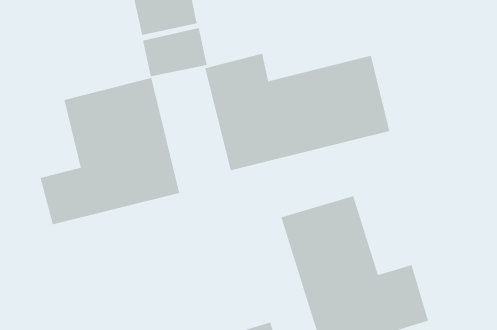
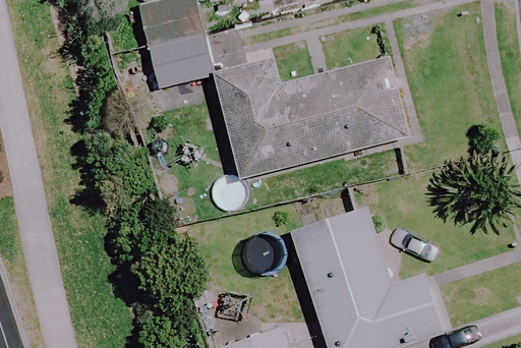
building: [40,77,180,225] -> none

